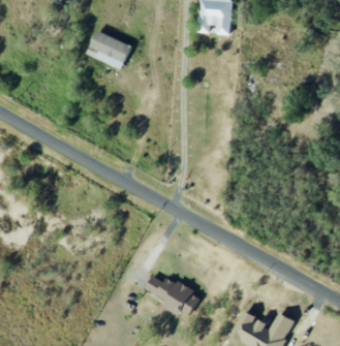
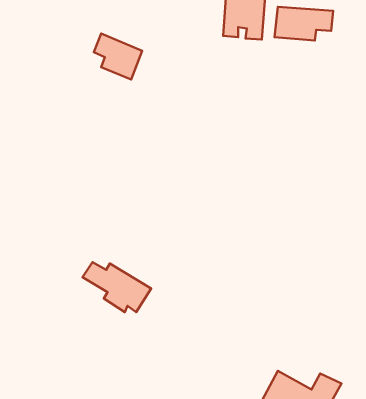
building: none -> [275,7,333,40]
building: [144,275,200,316] -> [83,262,151,312]

